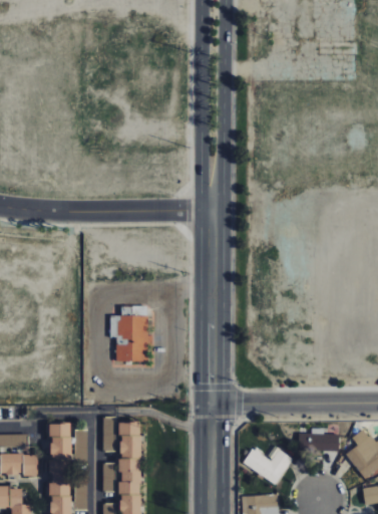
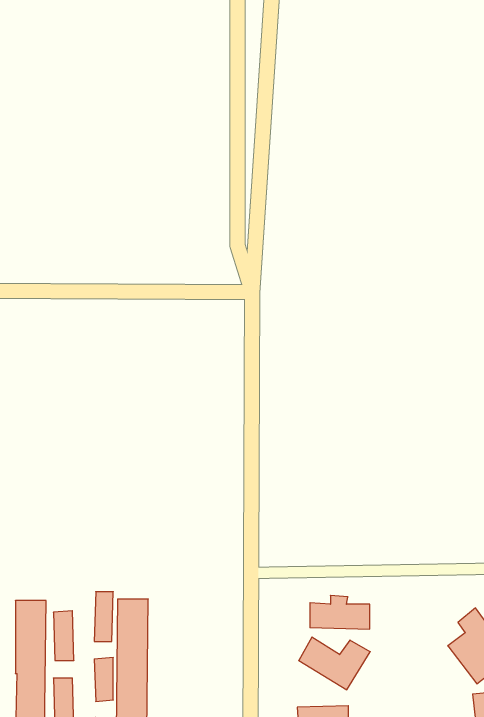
building: [111,307,148,361] -> none
building: [300,429,341,452] -> [310,595,370,629]

